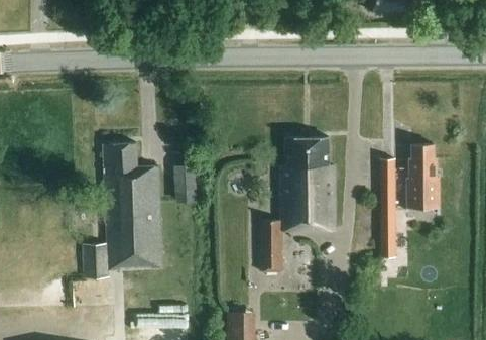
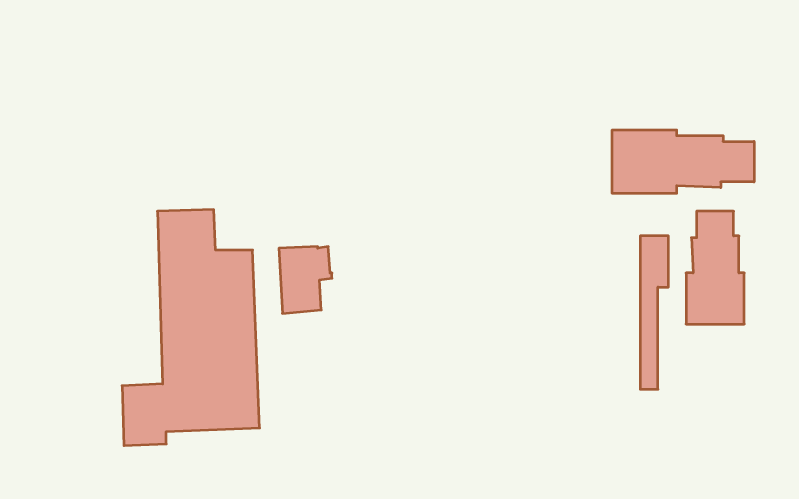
building: none -> [612,130,754,193]
building: [260,137,335,271] -> none

